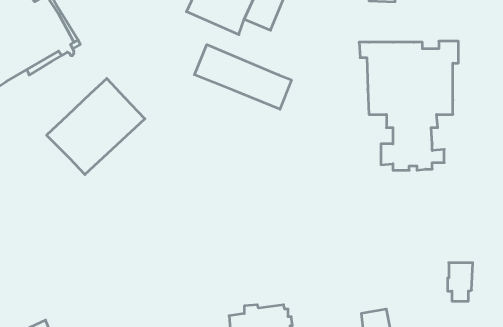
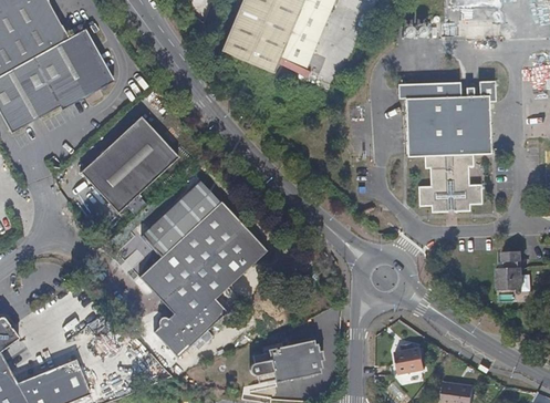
building: [194,45,291,109] -> none
building: none -> [139,177,269,361]
building: [448,263,473,301] -> [496,246,521,285]

